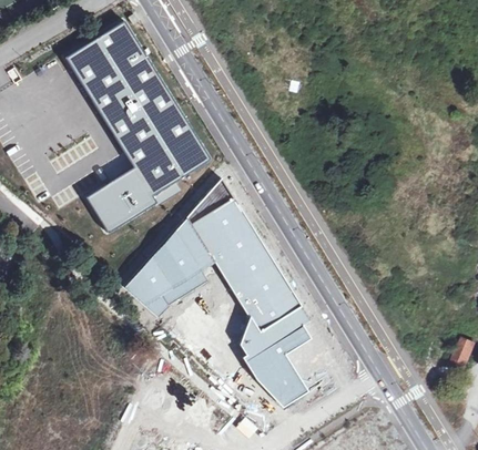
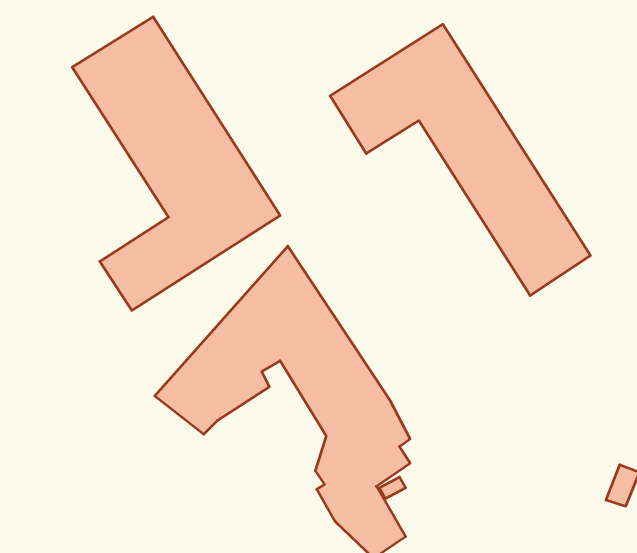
building: none -> [330,24,590,296]

